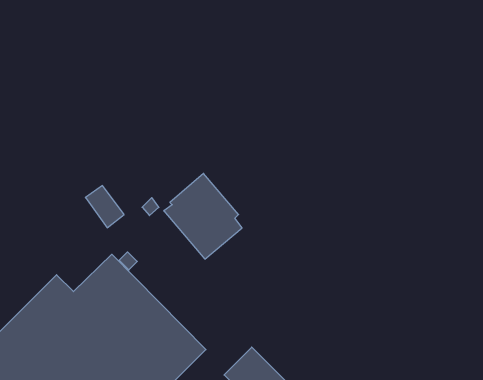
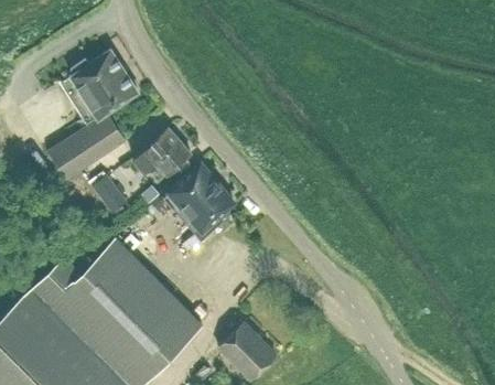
building: none -> [47,51,138,181]
building: none -> [133,127,191,174]

